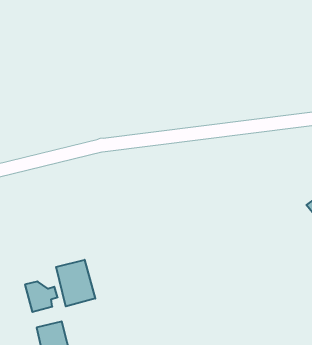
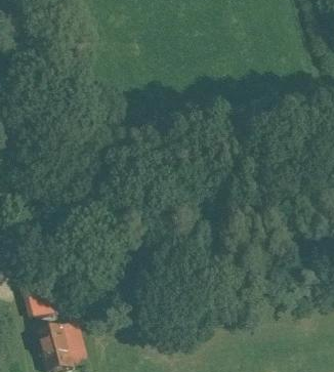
building: [56,260,95,306] -> none

